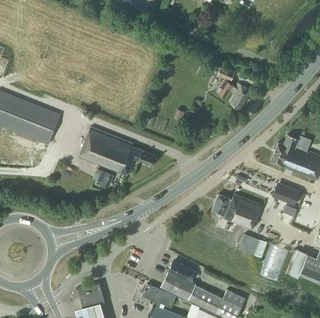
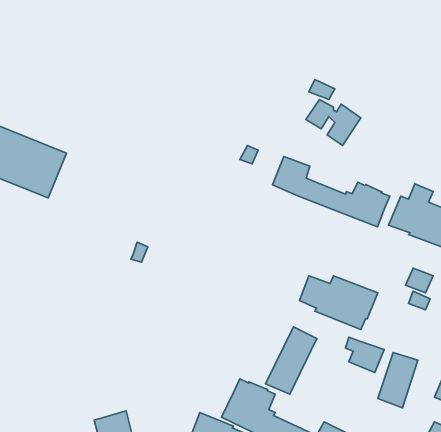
building: none -> [272,156,390,227]
building: [79,126,156,175] -> none
building: none -> [265,327,317,394]

